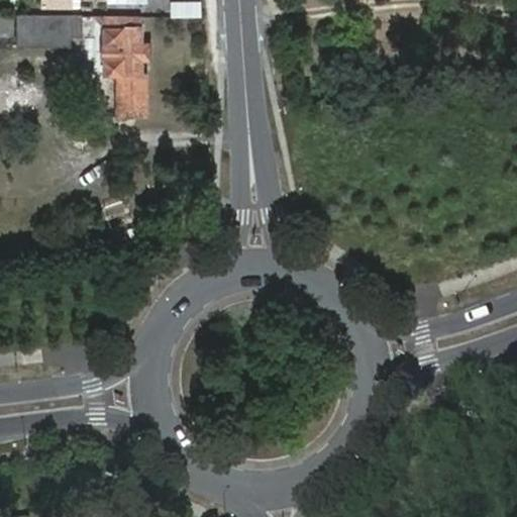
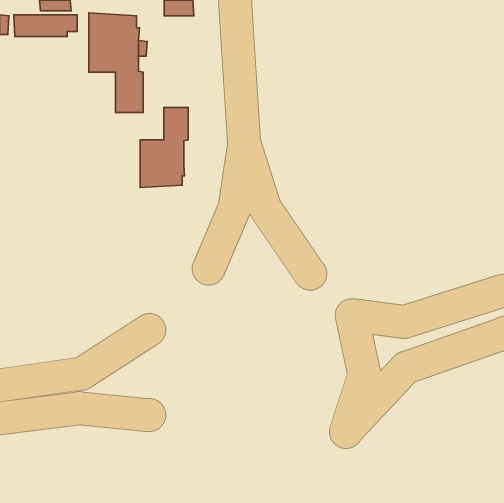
building: none -> [140,107,188,188]

